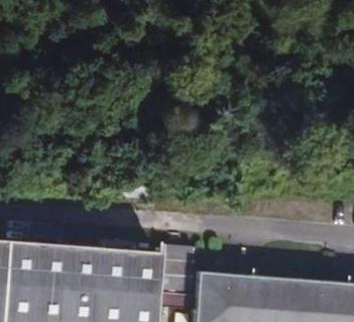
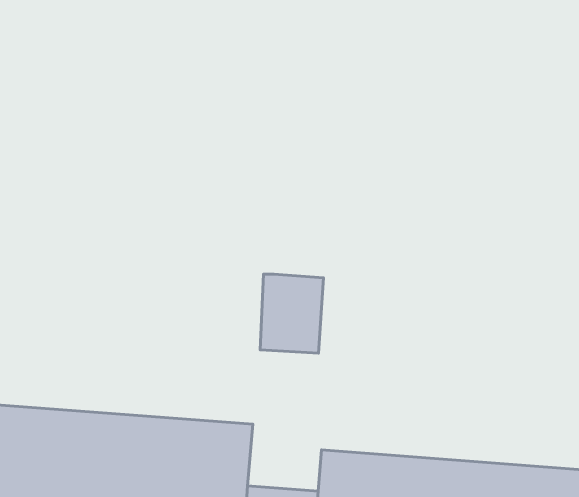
building: [158,245,196,292] -> [260,274,324,353]

